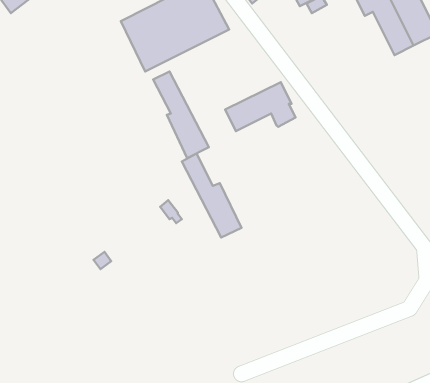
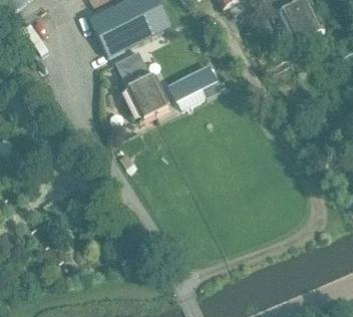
building: [182,153,241,237] -> [127,50,171,112]

